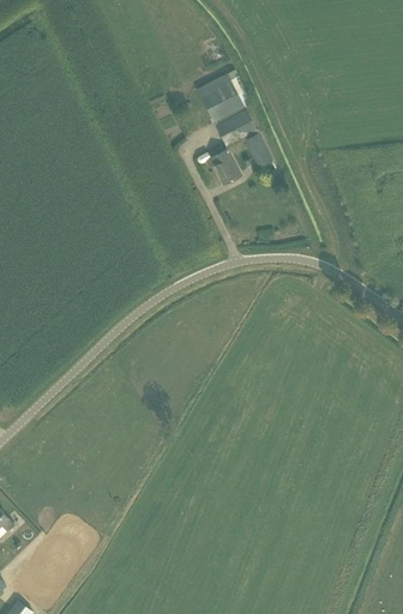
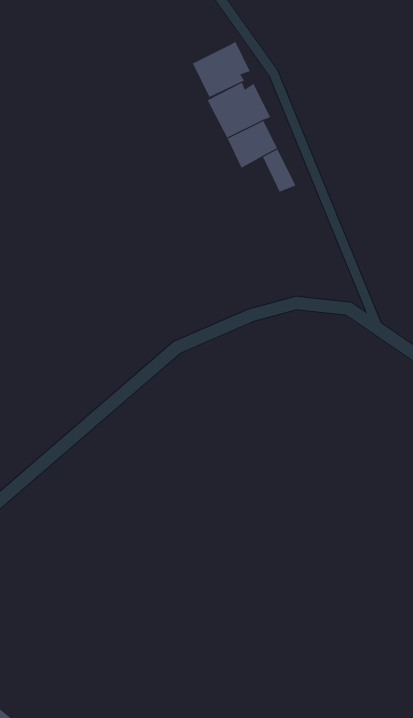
building: none -> [192,41,251,98]
building: [196,150,240,186] -> none

